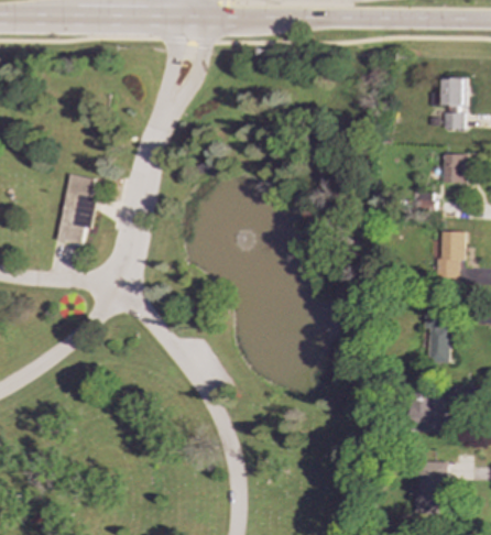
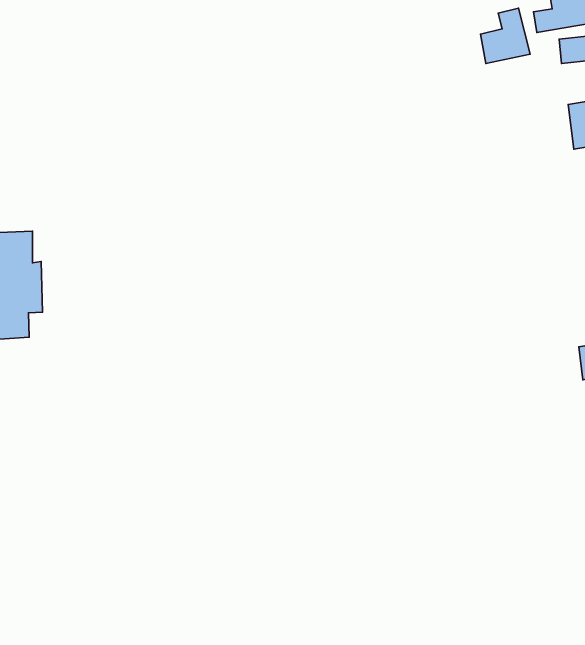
building: none -> [480,8,530,63]

